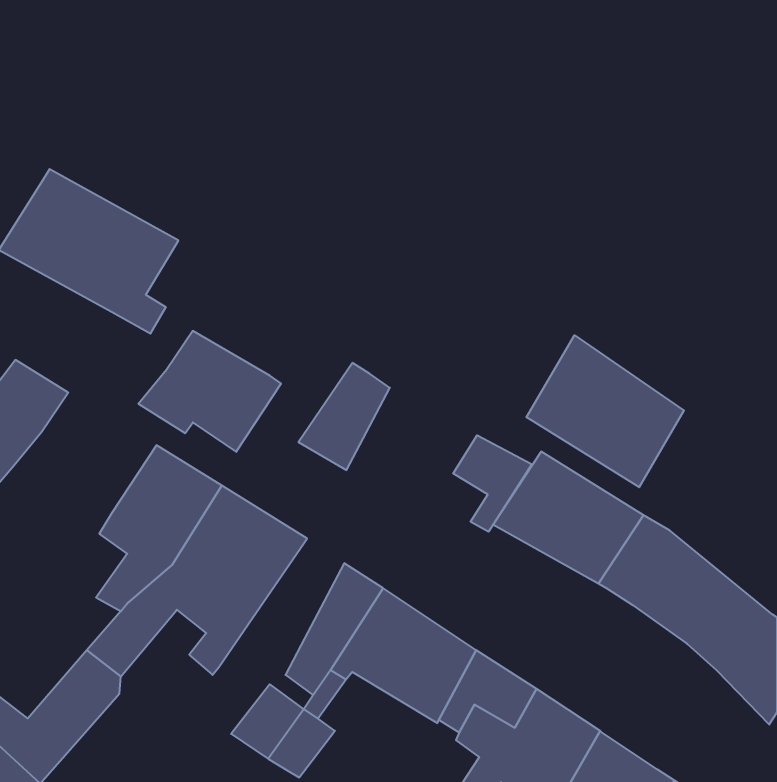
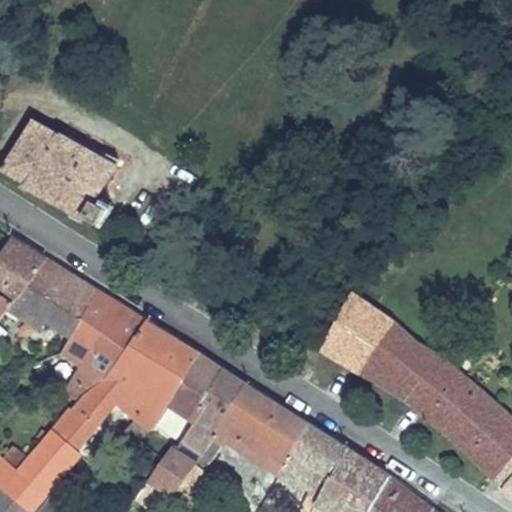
building: [138,331,281,452] -> [9,260,101,338]
building: [526,335,684,487] -> none
building: [298,363,390,470] -> [163,354,222,423]
building: [453,435,532,532] -> none

